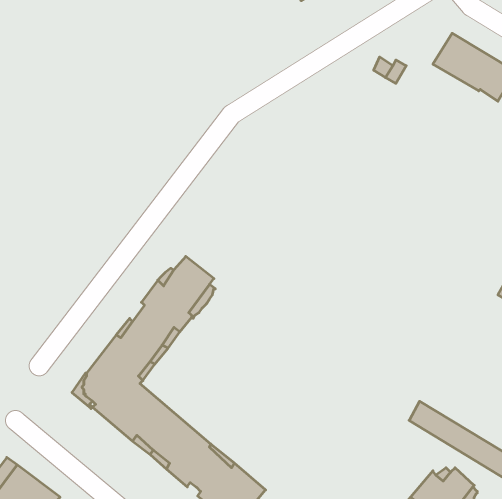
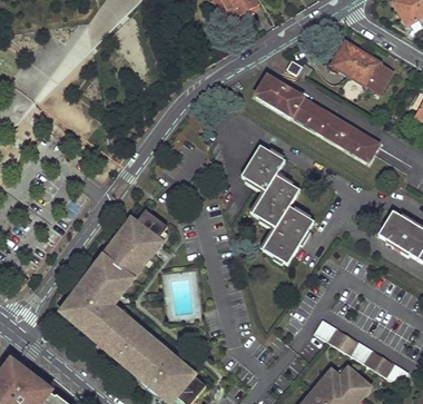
building: none -> [255,73,377,161]
building: none -> [243,145,314,263]

